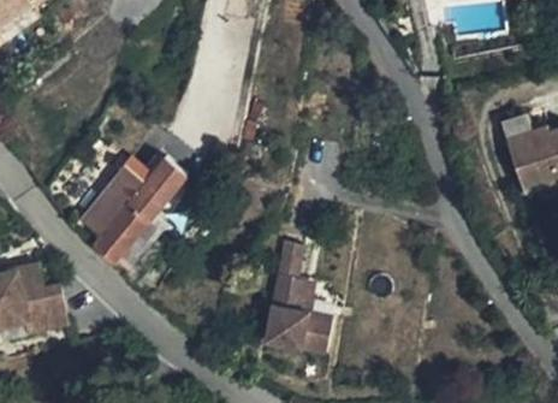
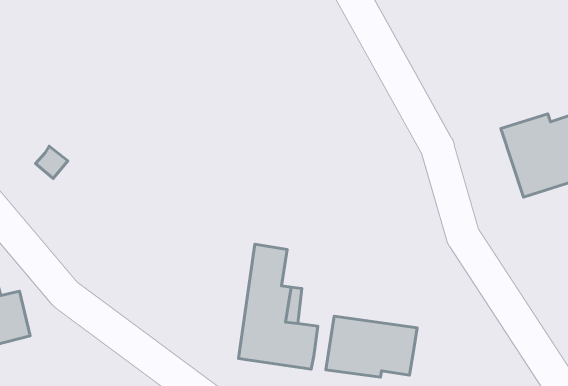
building: [81,158,186,254] -> none
building: none -> [326,316,417,377]

